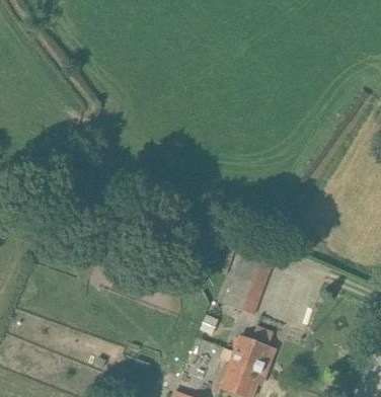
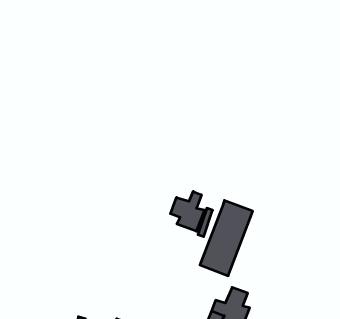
building: none -> [170,191,204,231]

